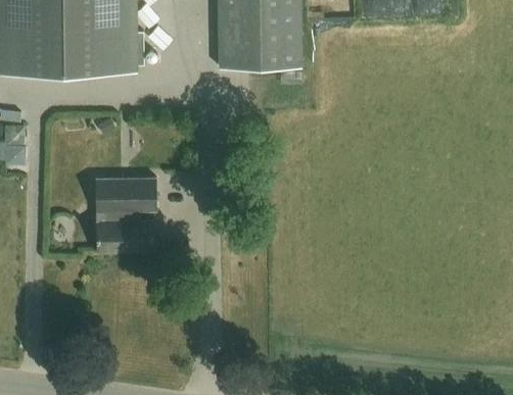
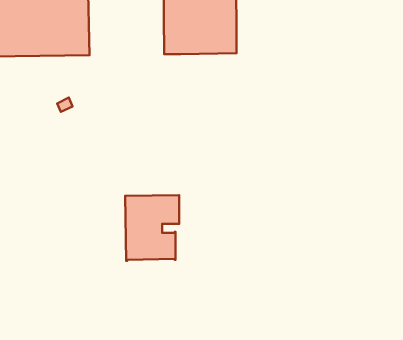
building: [95,178,156,252] -> [125,195,179,261]

